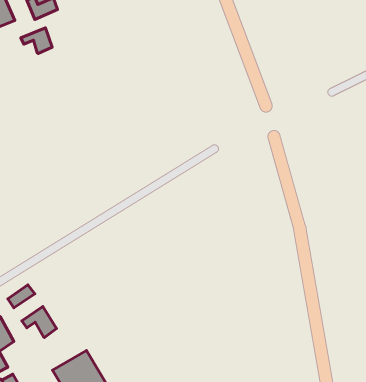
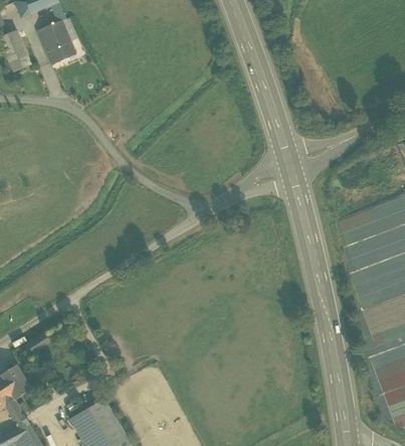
building: [21,28,52,53] -> none
building: [22,307,56,337] -> none

